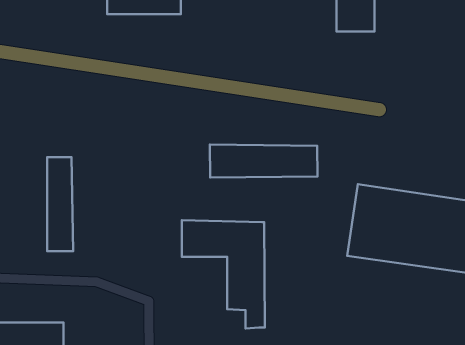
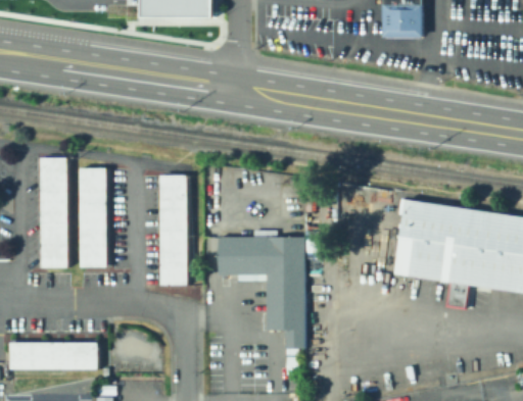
building: [210,144,318,178] -> none
building: none -> [39,159,66,270]
building: none -> [157,177,186,287]

